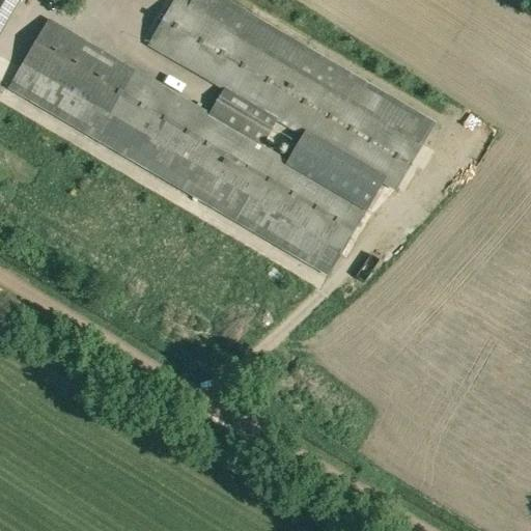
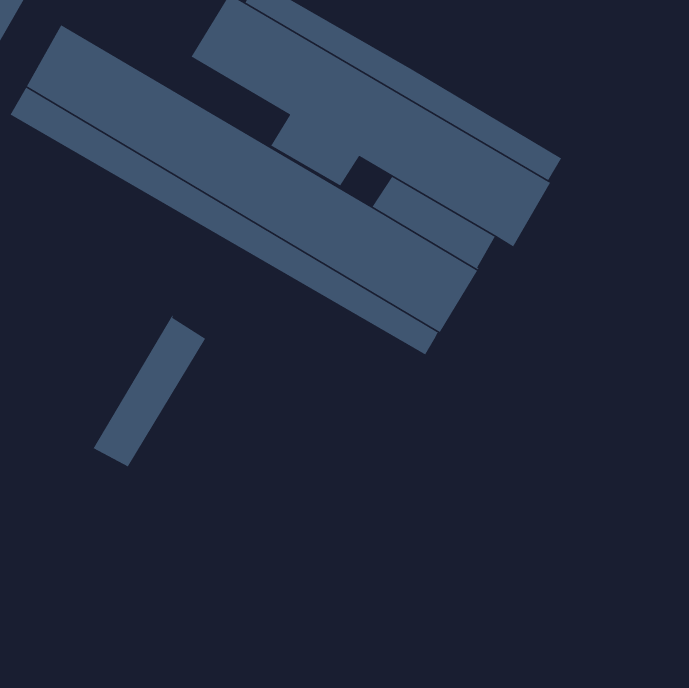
building: none -> [92,315,206,468]

